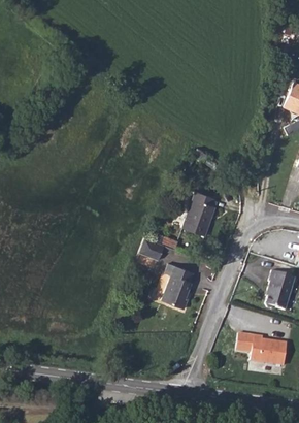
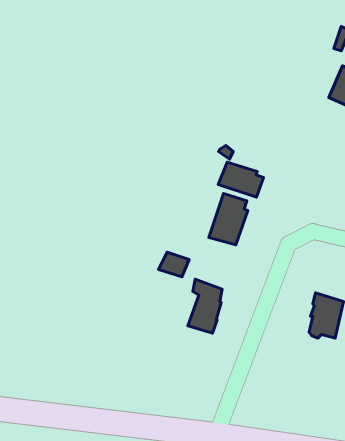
building: none -> [218,162,263,197]
building: [236,334,287,364] -> none

